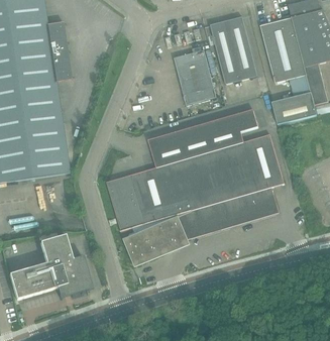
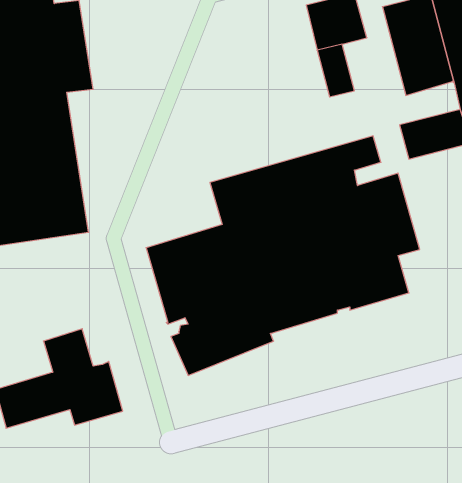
building: [234,45,257,80] -> none
building: [175,49,217,105] -> none

